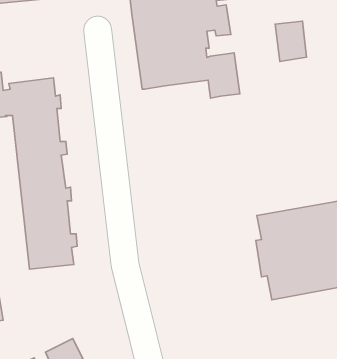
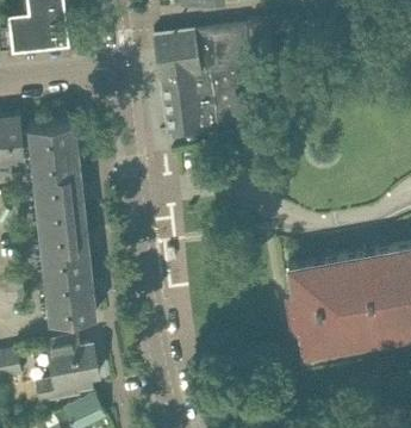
building: [275,21,306,62] -> none
building: none -> [37,337,99,403]

